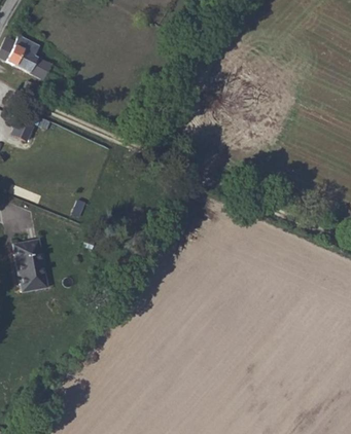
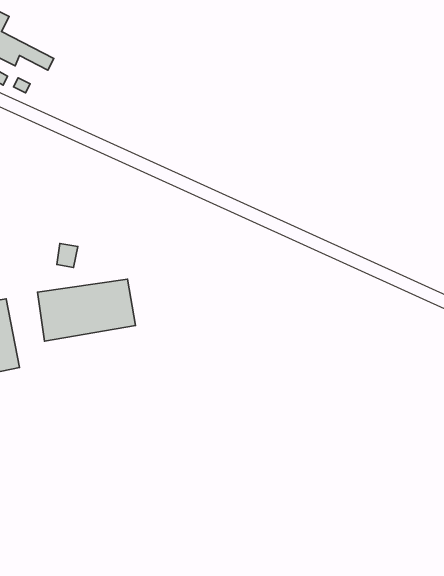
building: none -> [37,279,135,341]

